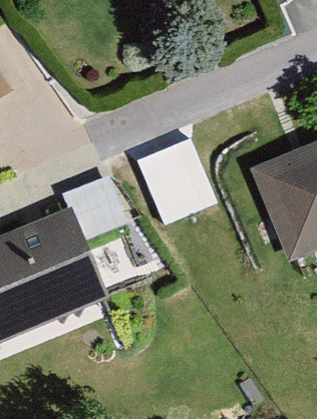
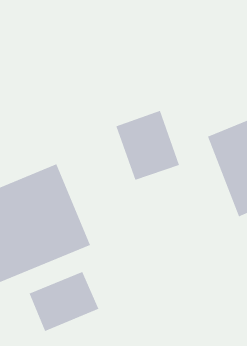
building: none -> [29,271,99,332]

